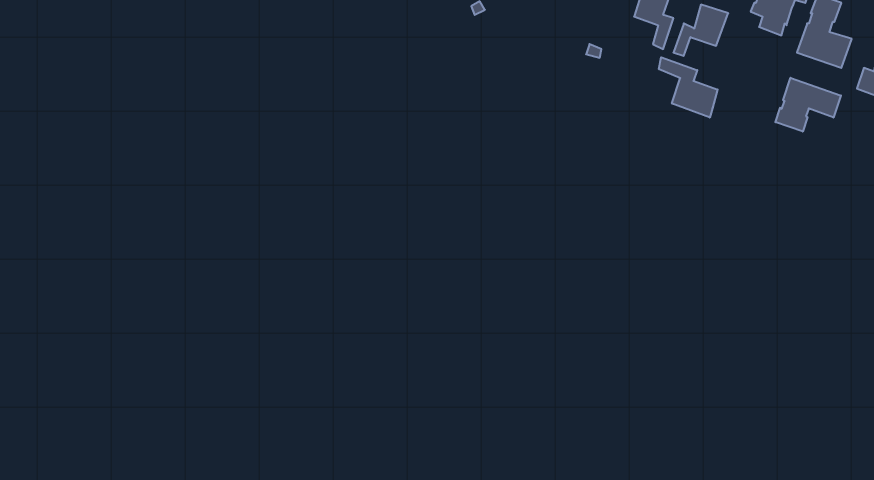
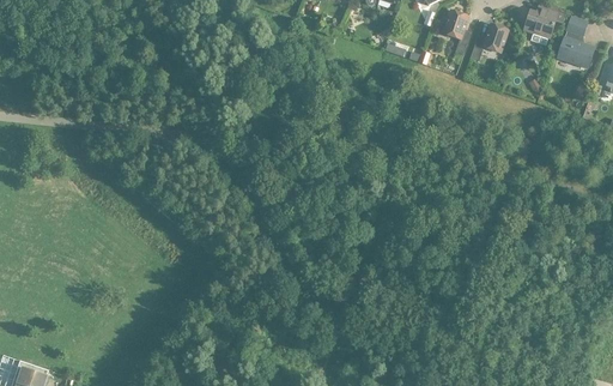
building: [659,57,718,118] -> none
building: [775,78,841,132] -> none

